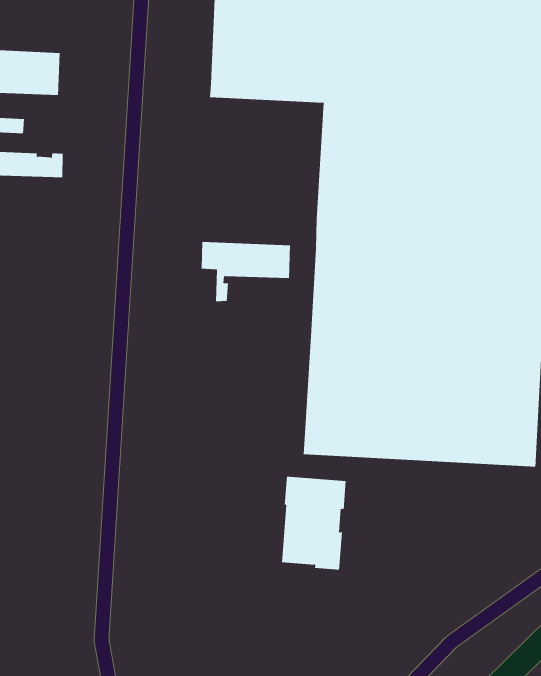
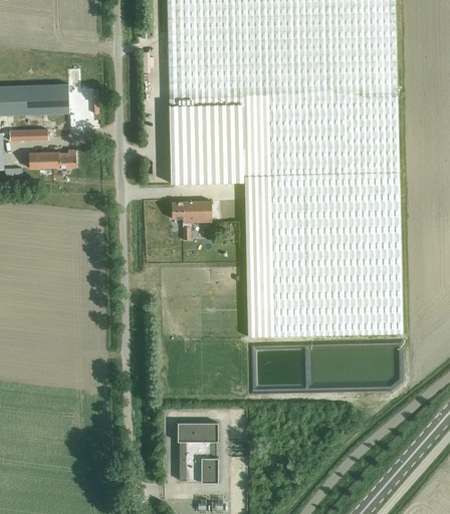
building: none -> [169,104,245,183]
building: [281,476,347,570] -> [178,423,218,482]

